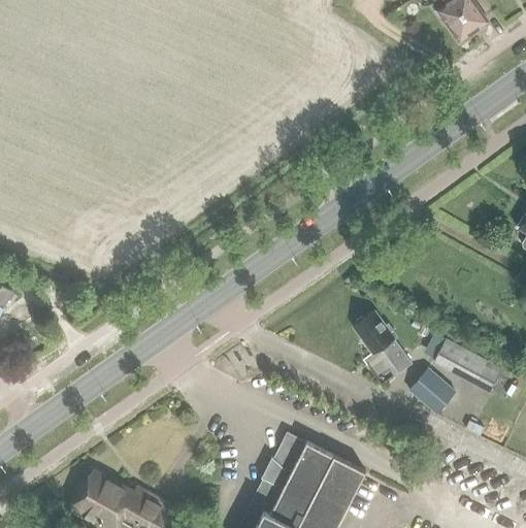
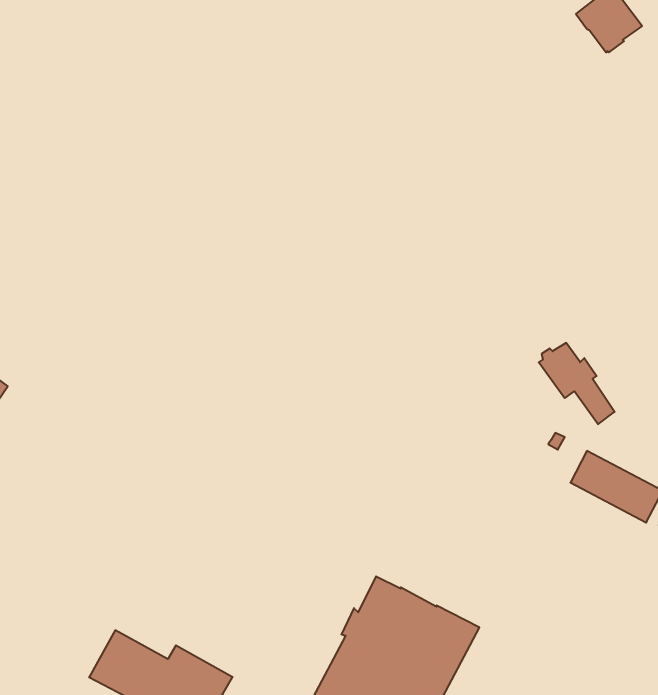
building: [354,312,410,373] -> [539,343,615,424]
building: [409,369,455,414] -> none

